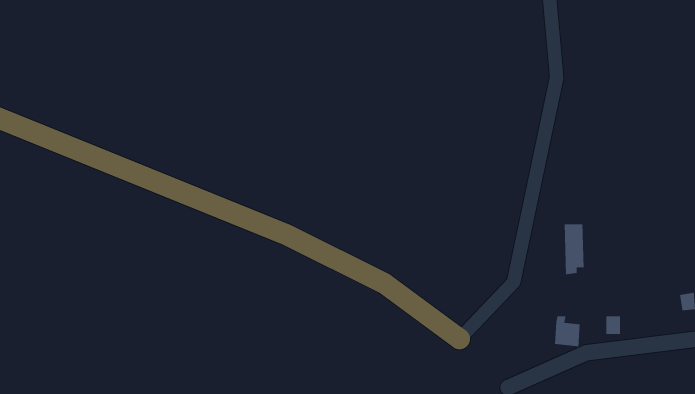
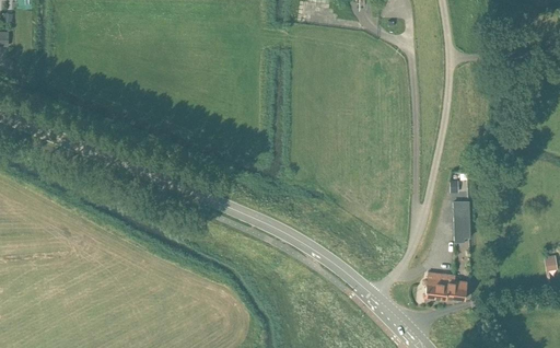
building: none -> [425,271,447,298]

